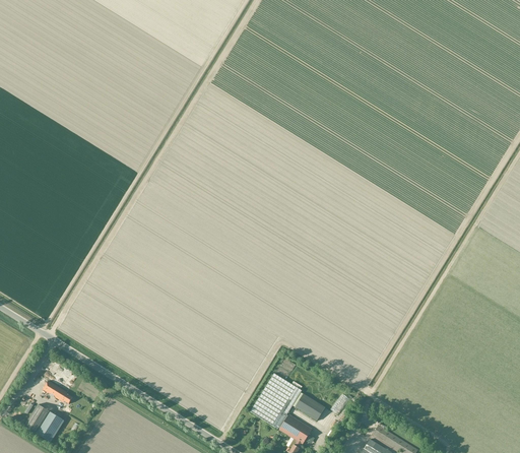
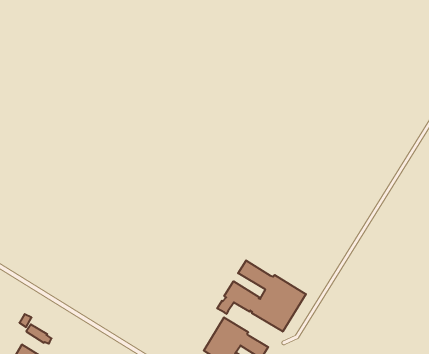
building: none -> [217,260,306,332]

